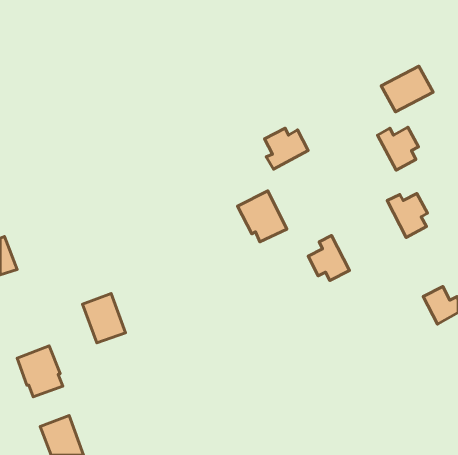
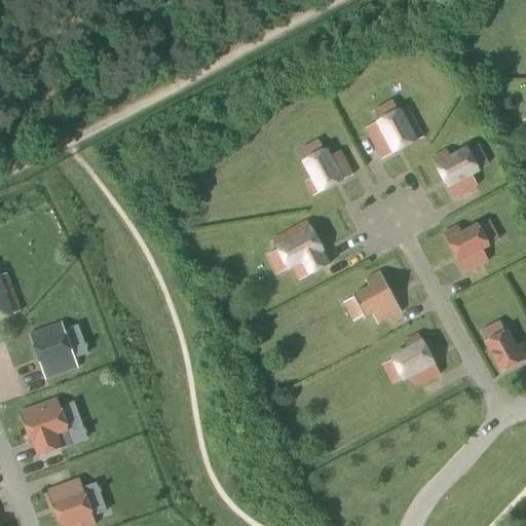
building: [381,66,433,112] -> [365,105,424,157]
building: none -> [391,332,440,384]
building: [82,293,125,343] -> [29,321,78,377]

